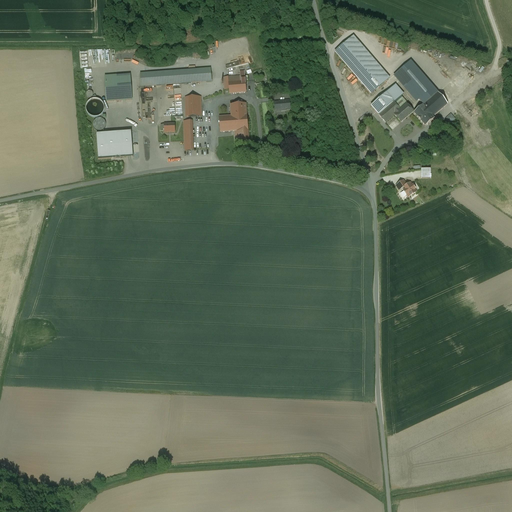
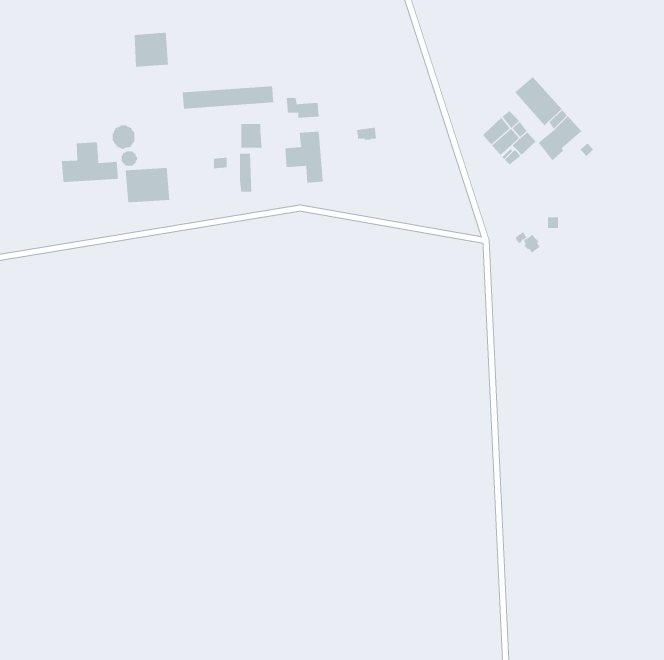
building: [335,36,387,91] -> none
building: [105,72,132,99] -> [134,32,169,67]
building: none -> [61,141,118,183]

